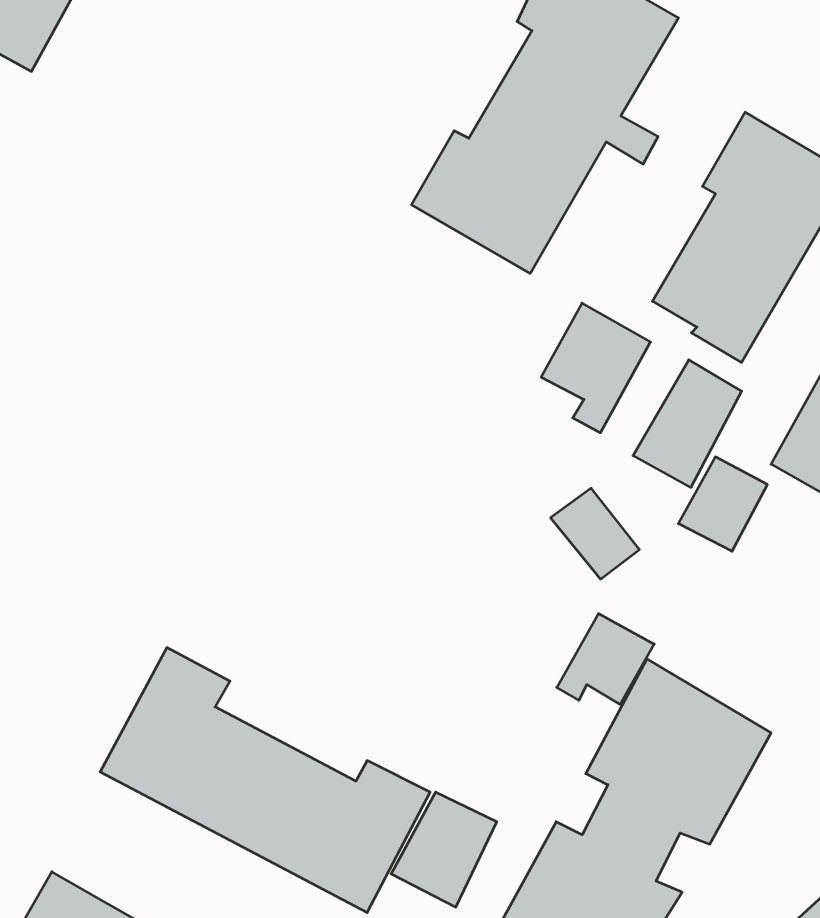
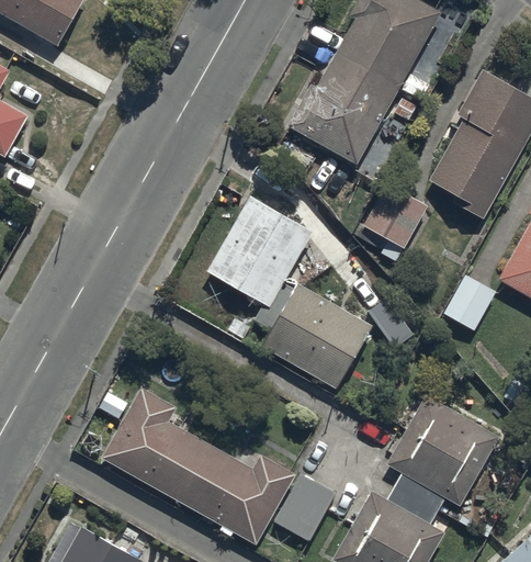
building: none -> [206,196,374,391]
building: [633,360,742,487] -> none
building: [557,614,654,704] -> none

